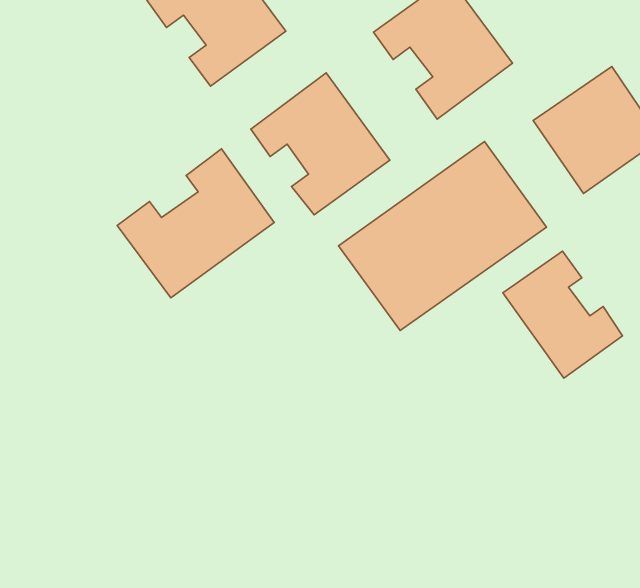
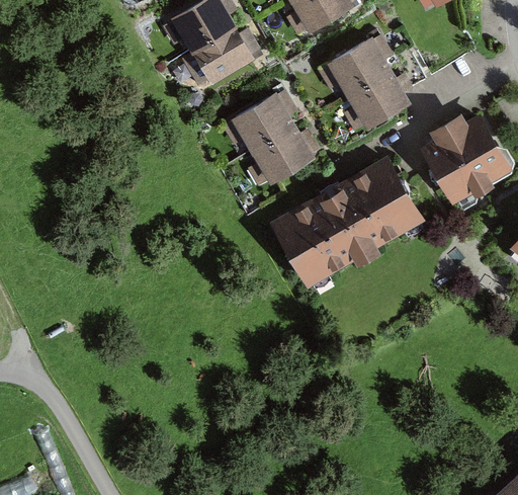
building: [117,149,274,298] -> none
building: [503,251,623,378] -> none

